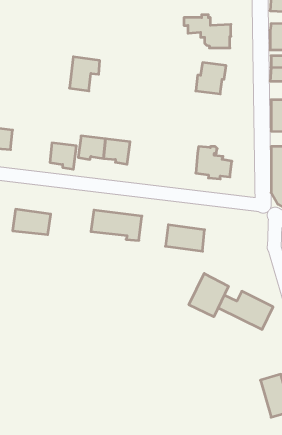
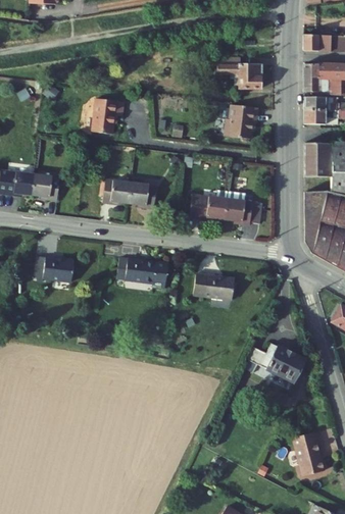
building: [50,143,76,169] -> [33,174,60,202]
building: none -> [190,195,228,220]
building: [189,273,228,317] -> none

